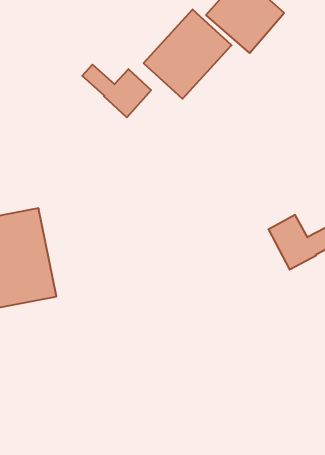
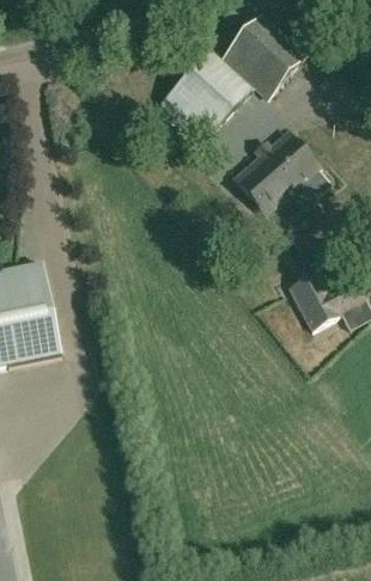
building: [82,65,151,117] -> none
building: none -> [235,134,320,215]

